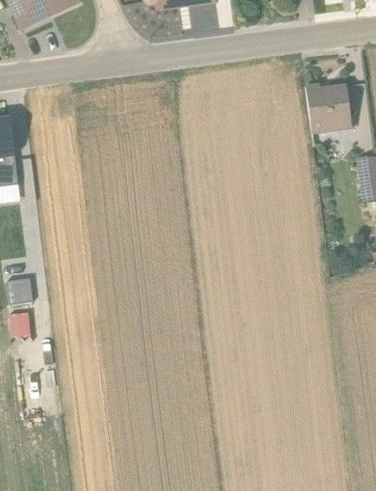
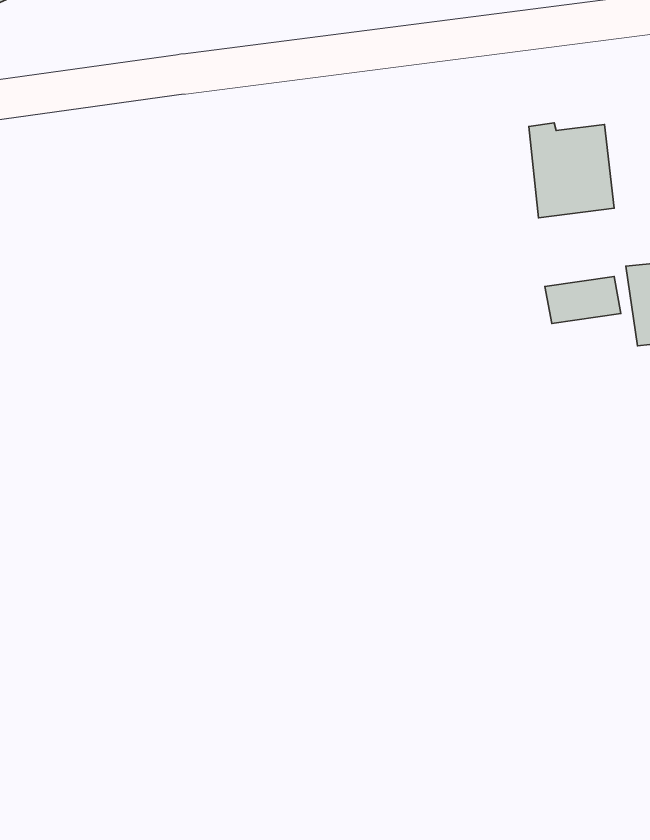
building: none -> [545,276,621,324]

